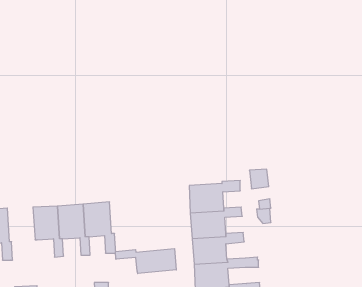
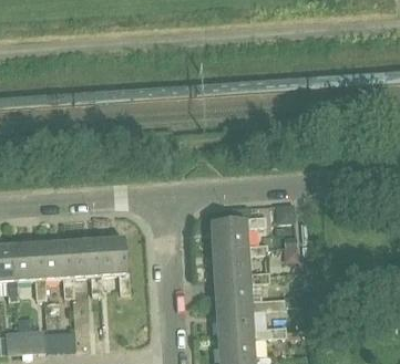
building: none -> [12,241,45,297]
building: [116,249,176,274] -> none

